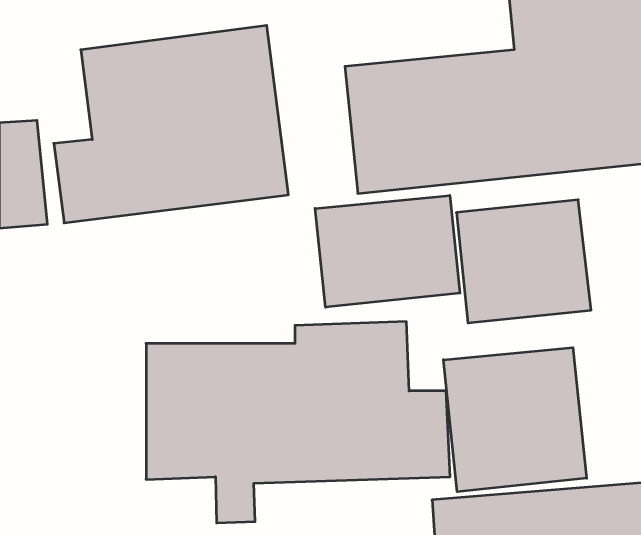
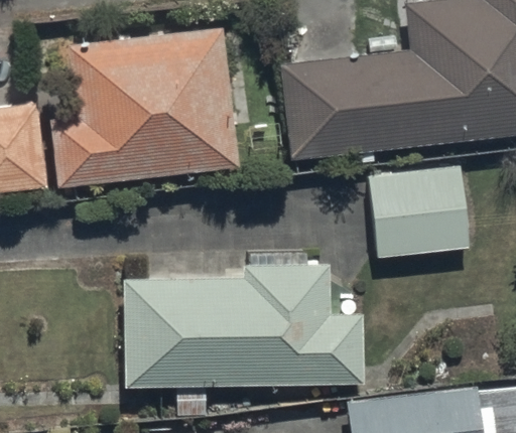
building: [315,195,460,307] -> none
building: [443,348,587,492] -> none

